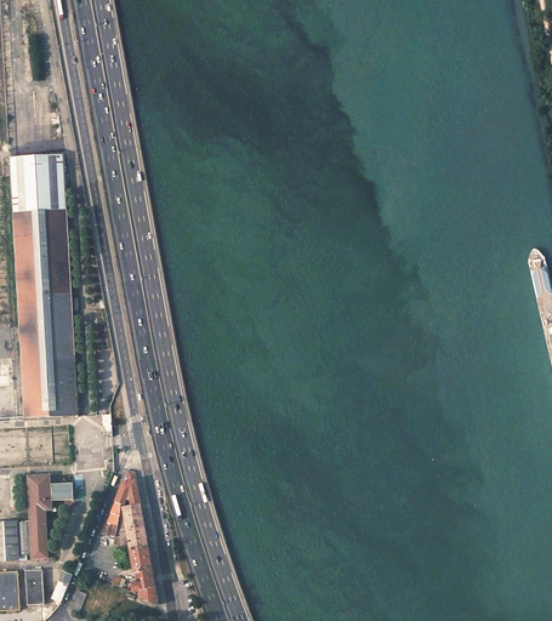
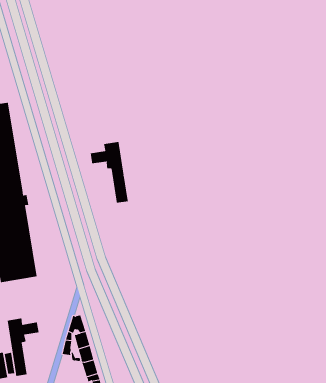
building: none -> [90,141,129,204]

